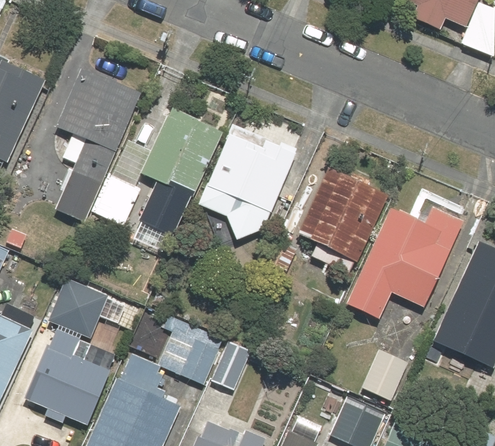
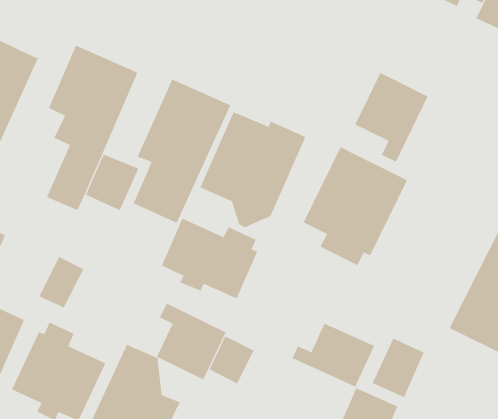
building: none -> [355,72,429,162]
building: [344,203,472,322] -> none
building: none -> [161,218,258,299]
building: none -> [292,323,375,387]

